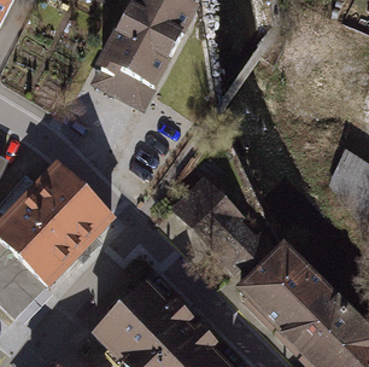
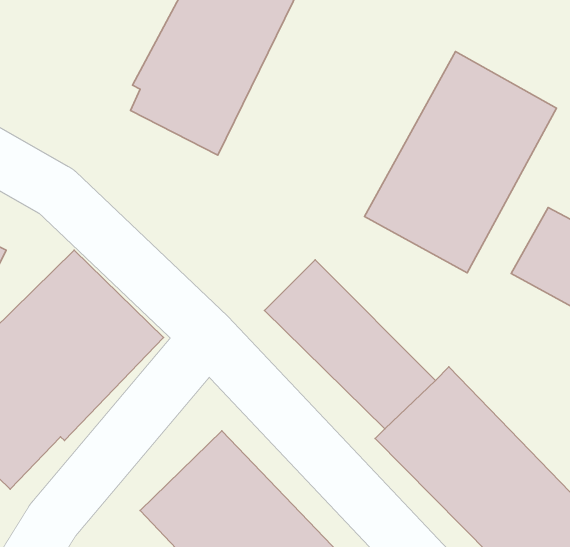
building: none -> [364,52,557,273]

